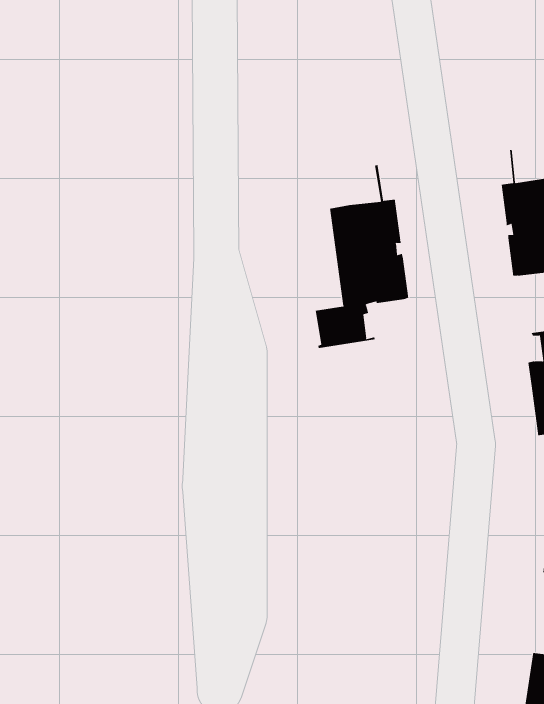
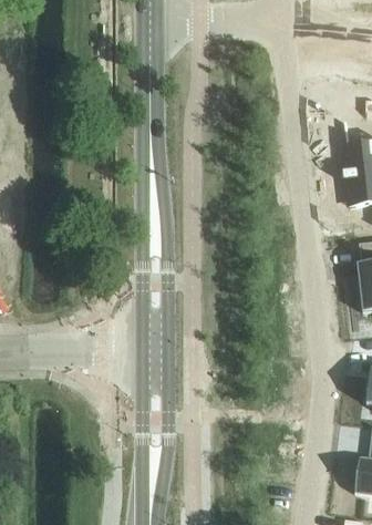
building: [315,164,409,349] -> none

